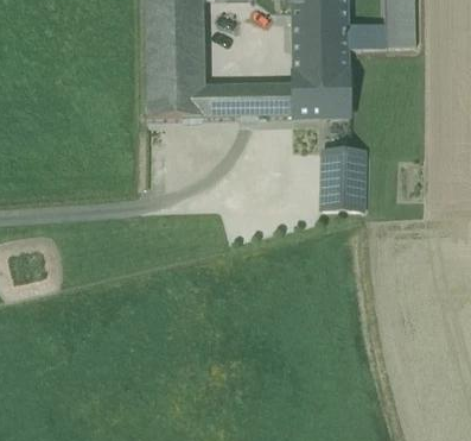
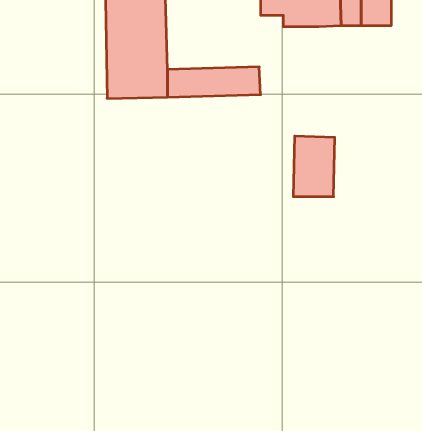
building: [291,38,349,113] -> none

